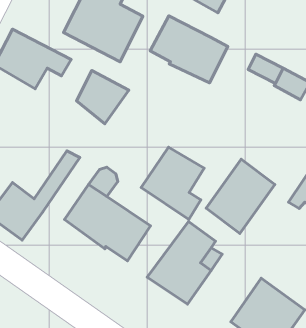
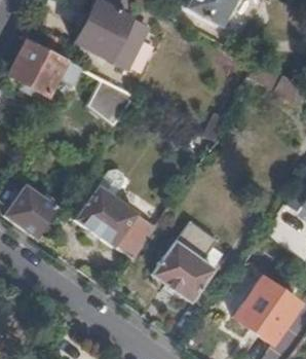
building: [150,16,228,83] -> none
building: [141,147,204,220] -> none
building: [206,159,275,234] -> none

